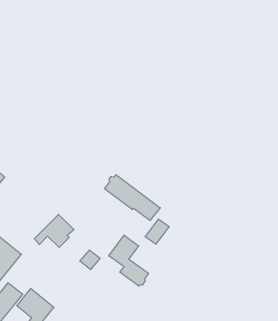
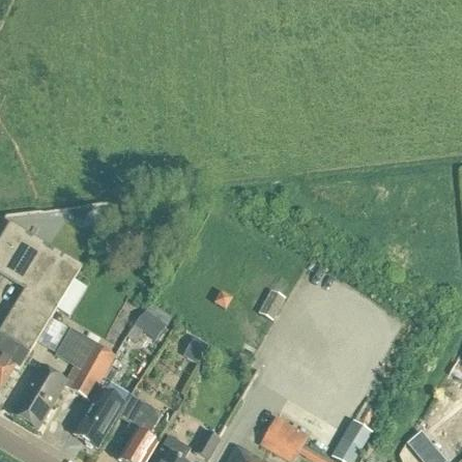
building: [104,175,160,221] -> none
building: [109,235,149,286] -> none

